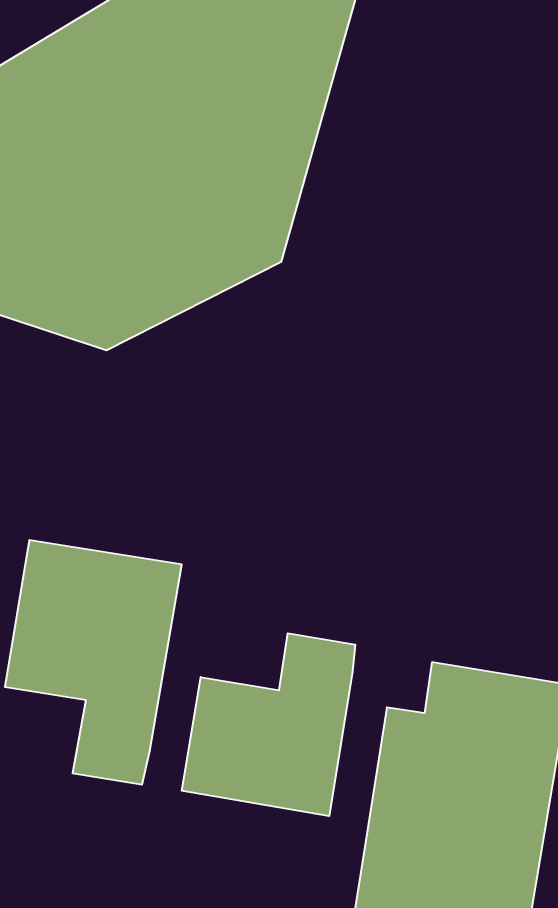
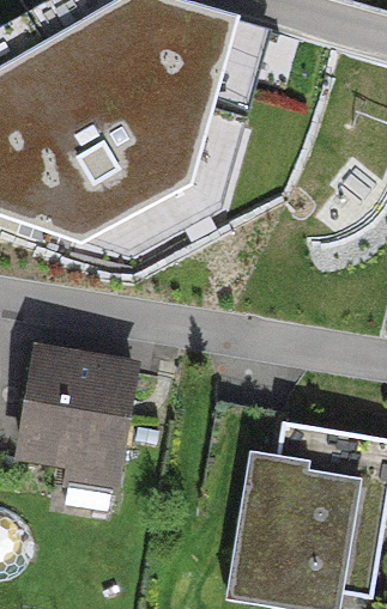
building: [182,633,355,816] -> none

